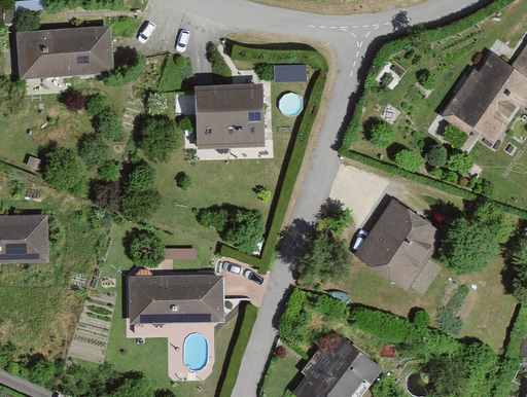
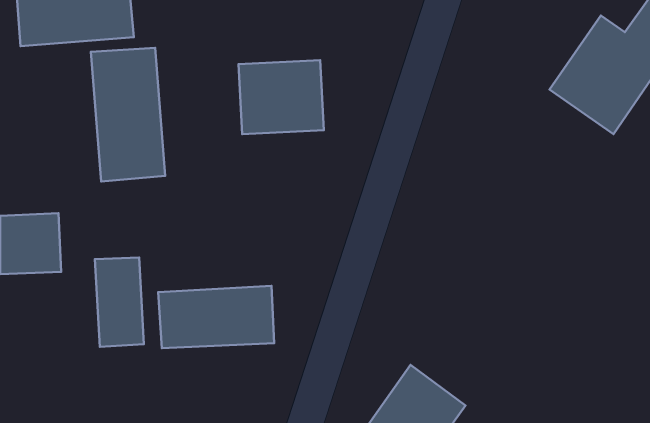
building: none -> [91,48,165,181]
building: [353,194,444,287] -> none
building: none -> [95,257,144,347]

